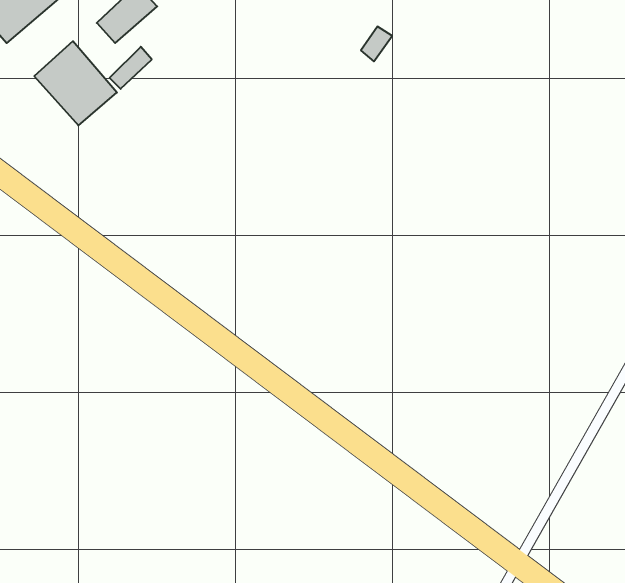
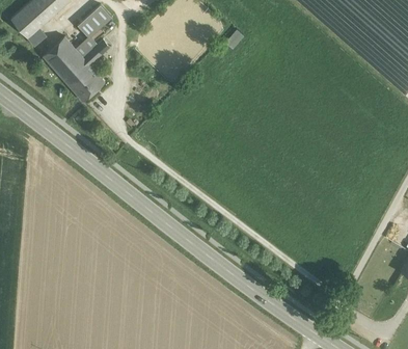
building: none -> [69,65,106,101]

